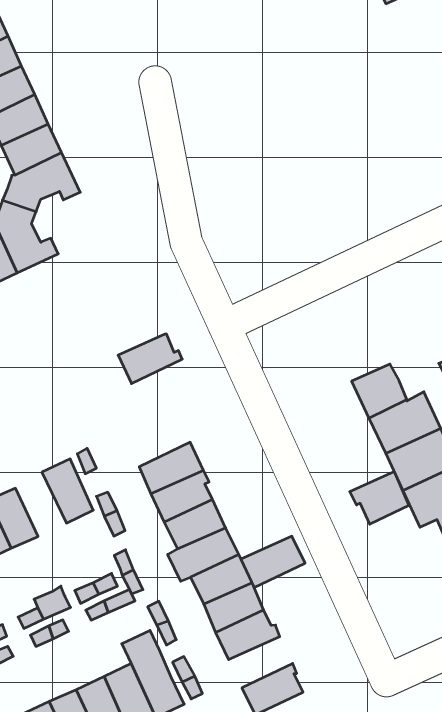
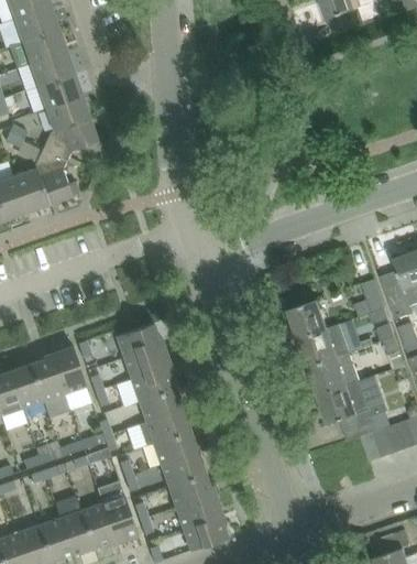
building: [118,334,182,384] -> [116,324,163,358]
building: [350,472,409,524] -> none
building: none -> [30,355,69,416]
building: [241,536,305,588] -> [175,495,222,530]

